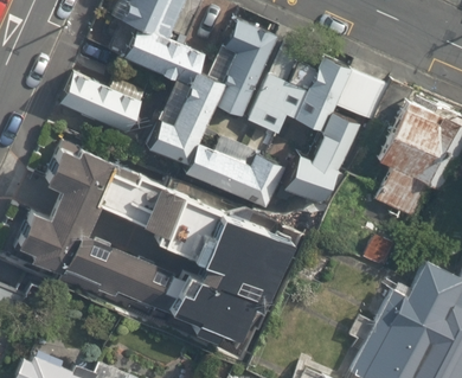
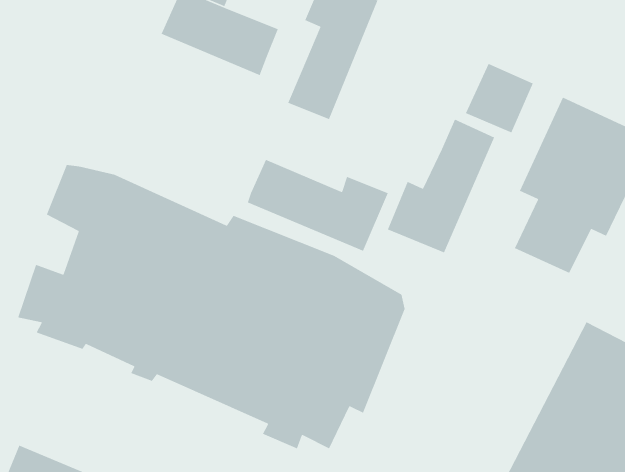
building: [246,59,347,137] -> none
building: [147,71,222,166] -> none
building: [60,72,142,135] -> none

